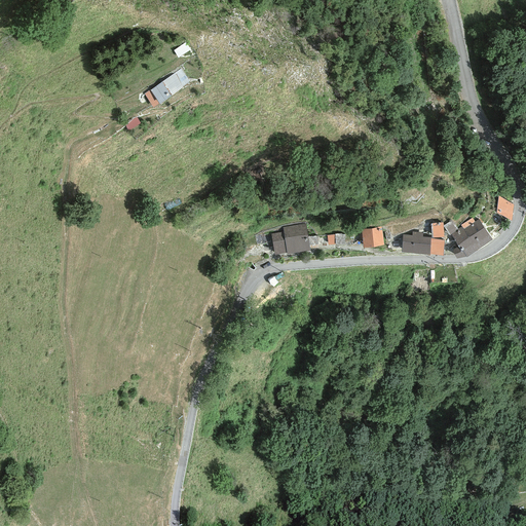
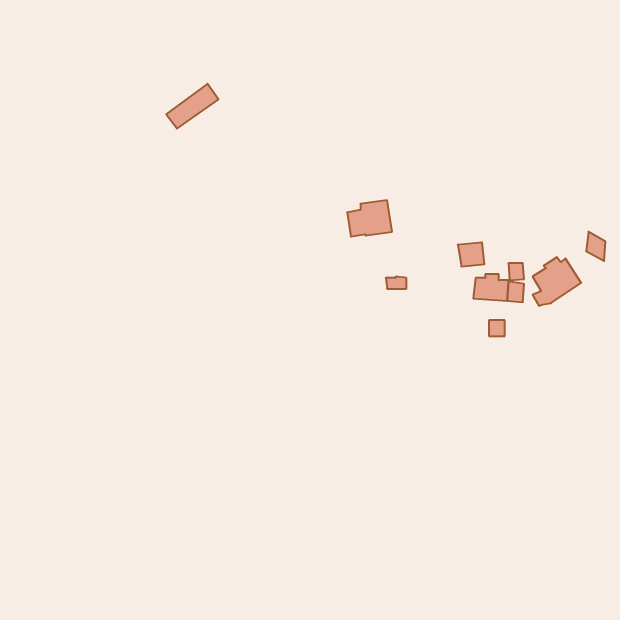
building: [271,224,309,255] -> [347,200,392,237]
building: [361,227,383,248] -> [458,242,484,267]

